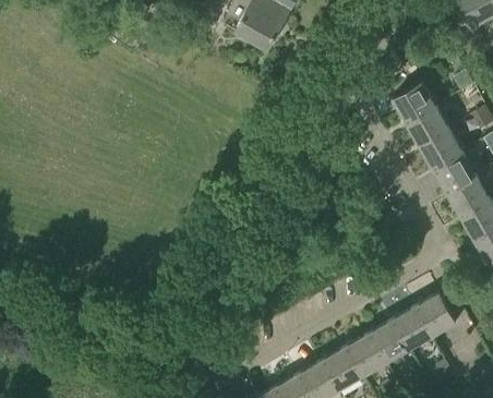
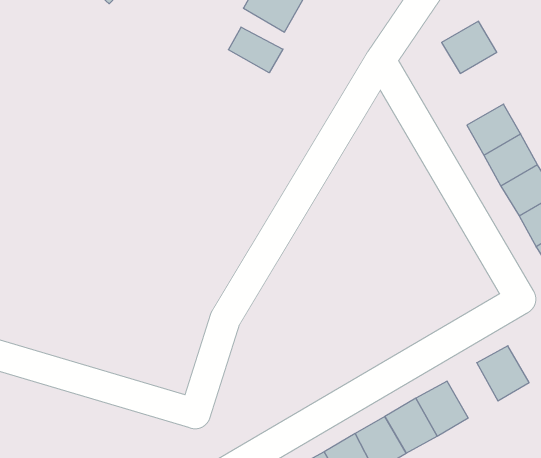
building: none -> [228,27,283,73]
building: [394,83,436,123] -> [442,21,497,73]
building: [393,306,432,349] -> none

